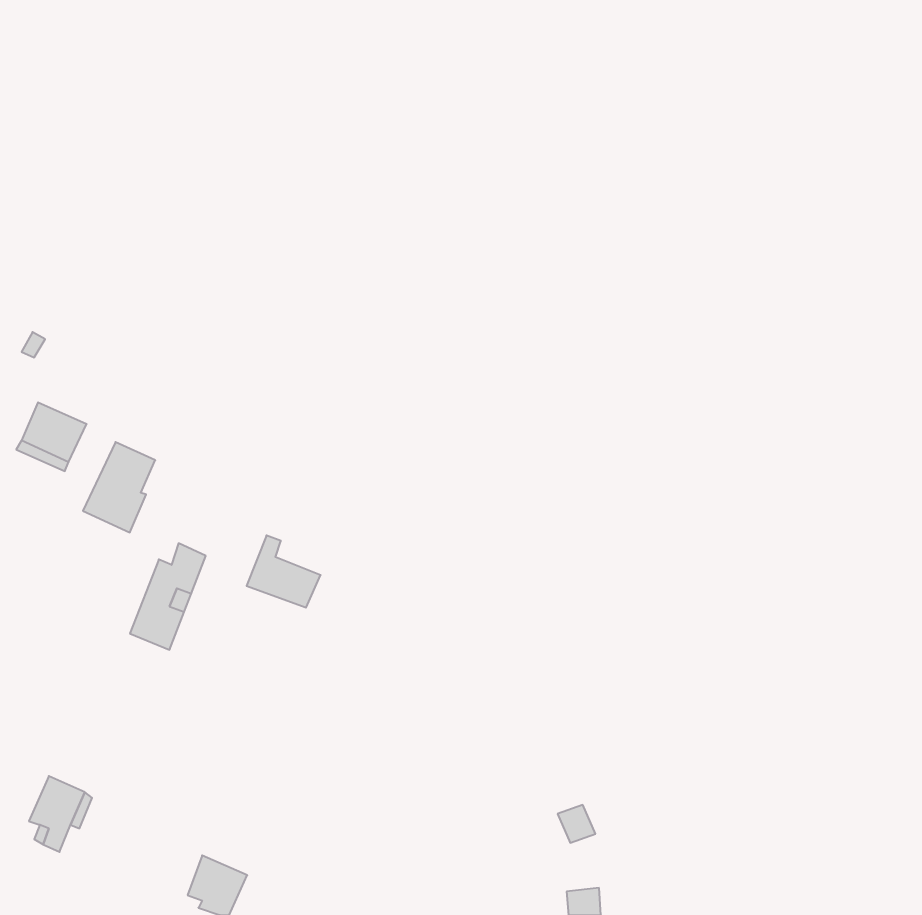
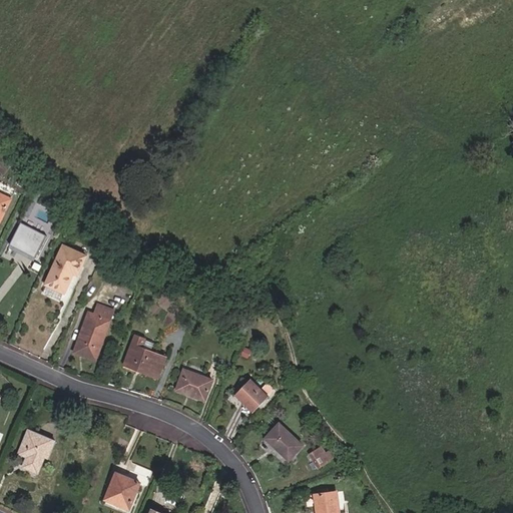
building: [247,535,321,608] -> [122,335,163,375]
building: none -> [175,368,211,400]
building: none -> [233,380,273,410]
building: none -> [265,422,303,459]

